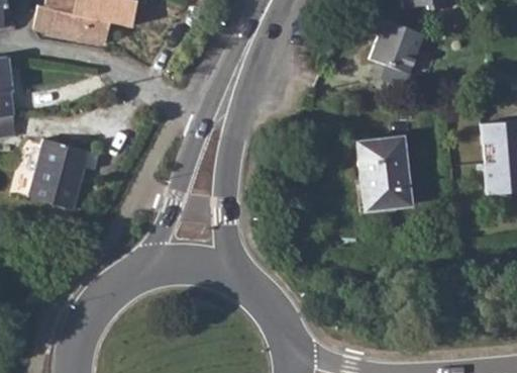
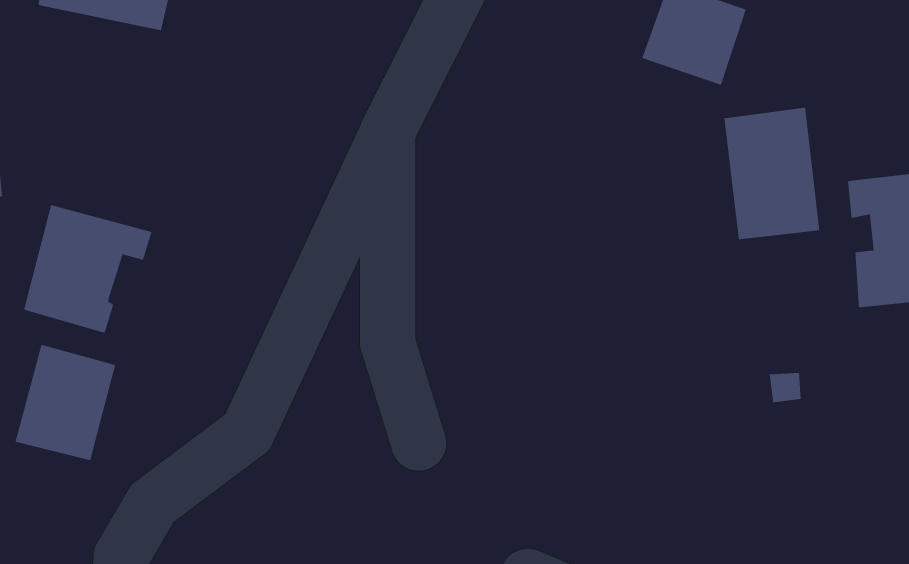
building: [356,136,410,210] -> [724,107,820,240]
building: none -> [14,344,116,461]

